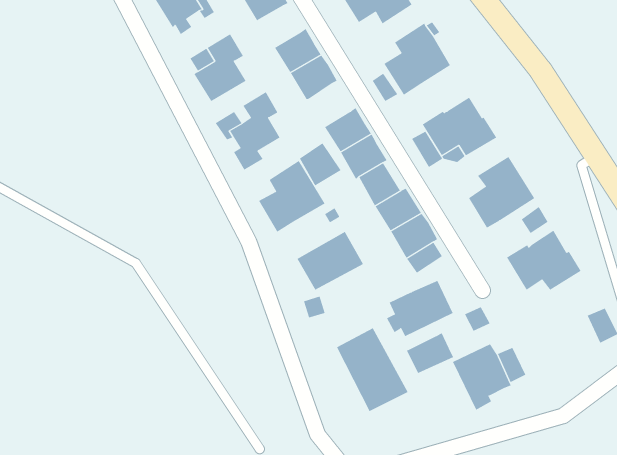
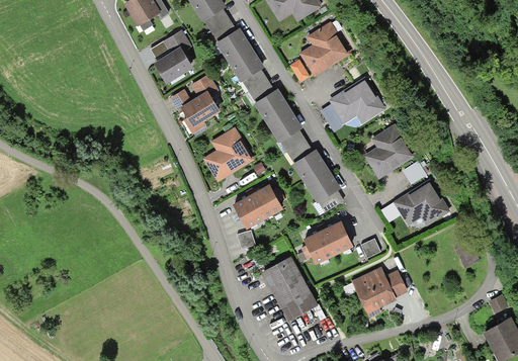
building: none -> [202,8,235,40]
building: [299,143,341,186] -> [241,68,273,101]
building: [406,332,454,374] -> none

